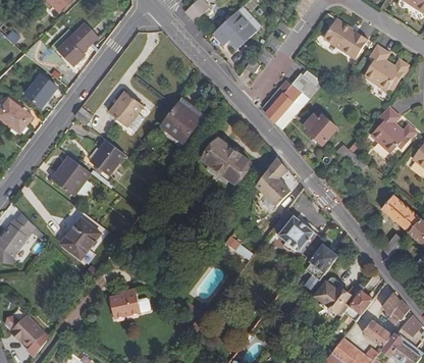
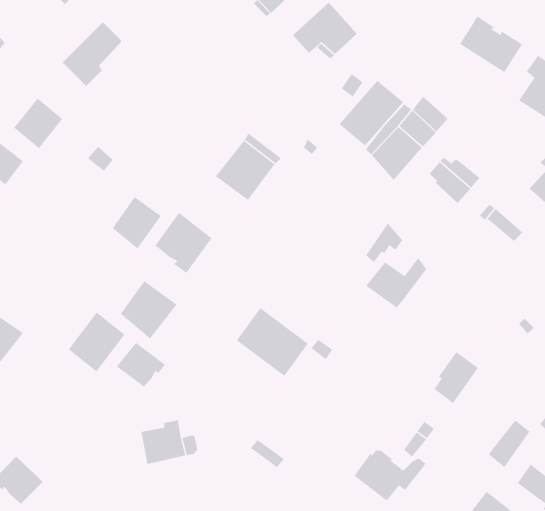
building: none -> [339,80,404,146]
building: [110,93,141,126] -> none
building: [201,138,250,185] -> [236,307,309,377]
building: none -> [154,212,212,274]
building: [51,156,90,196] -> [120,280,177,340]
building: [270,210,320,257] -> none
building: none -> [116,342,166,388]
building: [314,277,363,312] -> [354,450,426,502]

